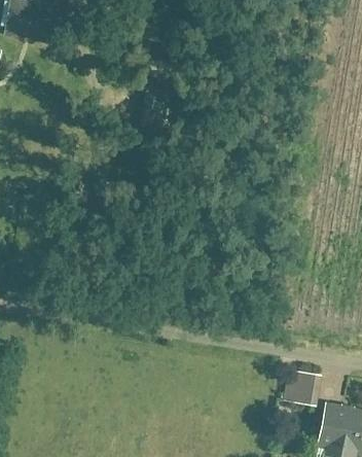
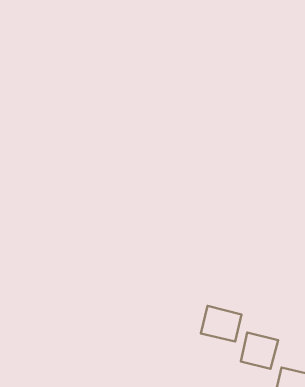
building: none -> [201,306,242,342]

